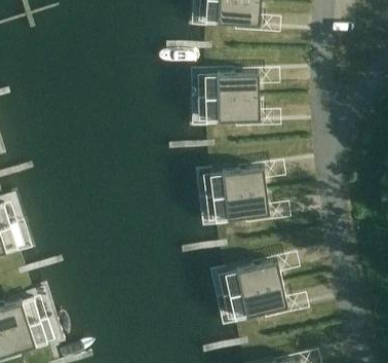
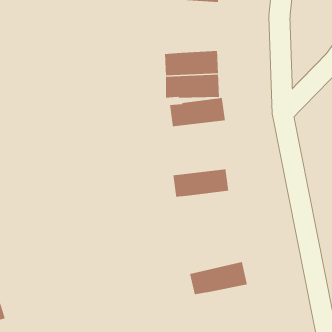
building: [208,168,265,197] -> [169,97,226,127]
building: [224,261,281,296] -> none

